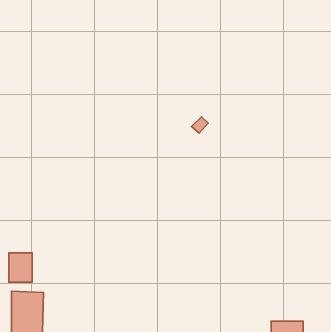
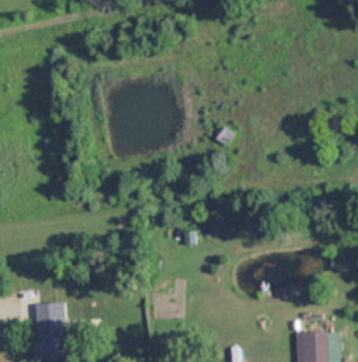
building: [9,253,32,282] -> none

